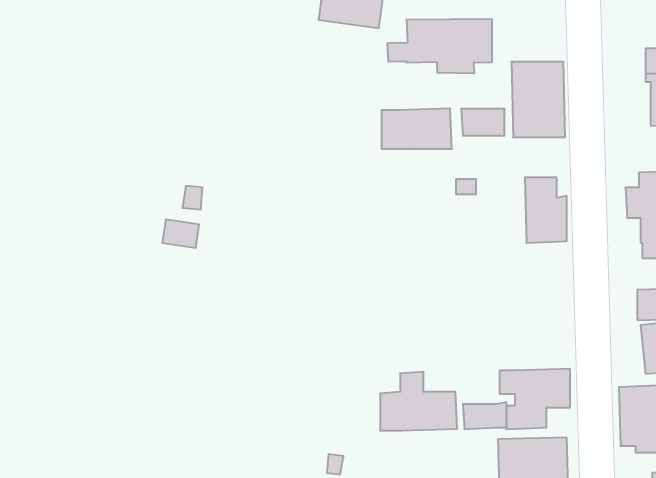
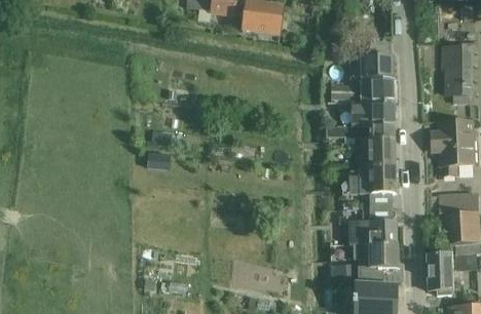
building: [388,19,492,74] -> none
building: [381,109,452,149] -> [352,101,395,125]
building: none -> [349,164,396,193]
building: [380,372,457,431] -> [349,207,397,243]

